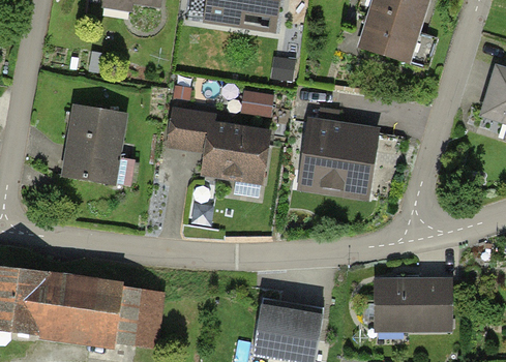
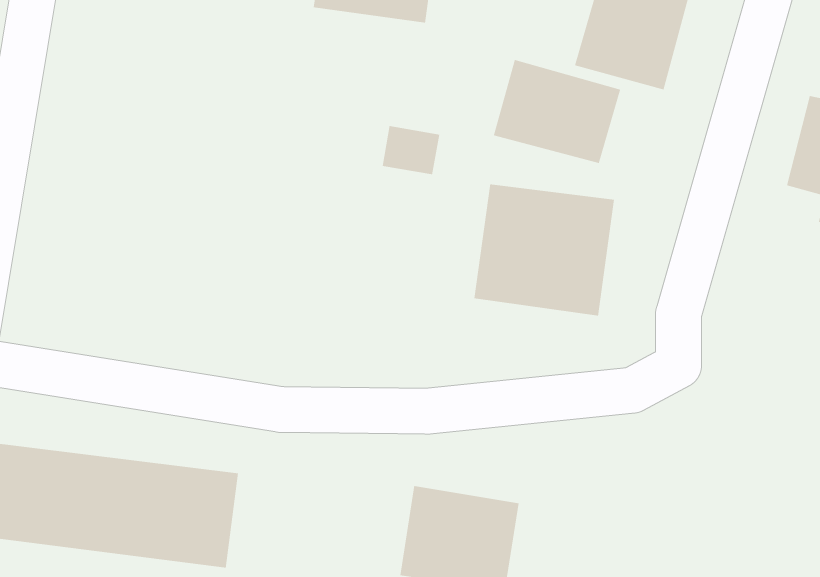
building: none -> [493,59,621,164]
building: [58,104,124,186] -> none
building: [158,107,267,185] -> none
building: [378,279,451,326] -> none

